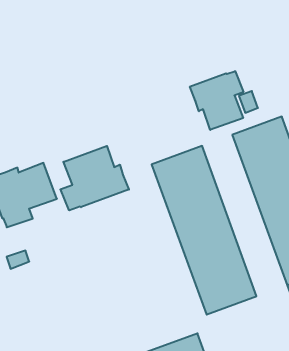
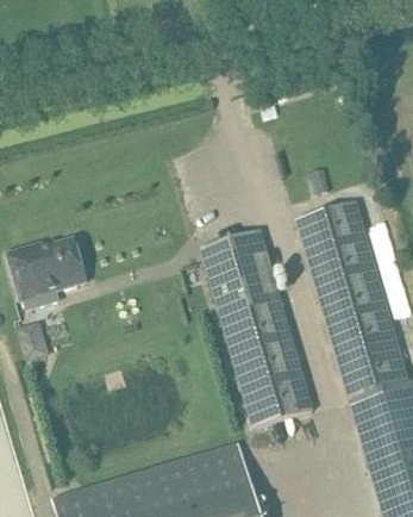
building: [190,71,243,130] -> none
building: [60,146,129,210] -> none

